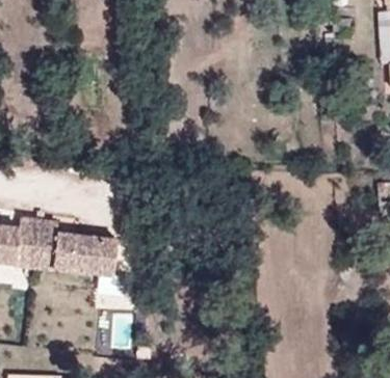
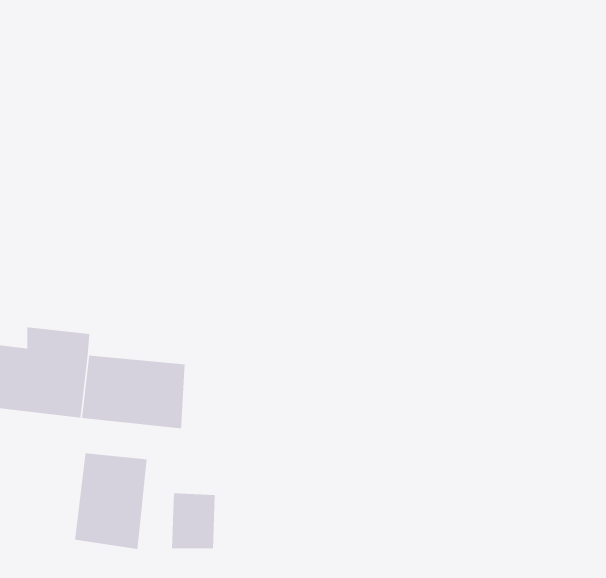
building: none -> [74,452,148,550]

